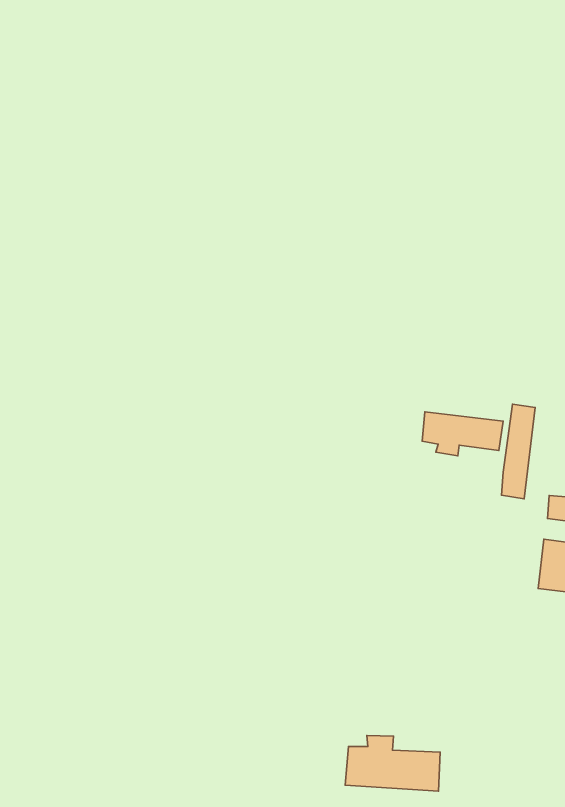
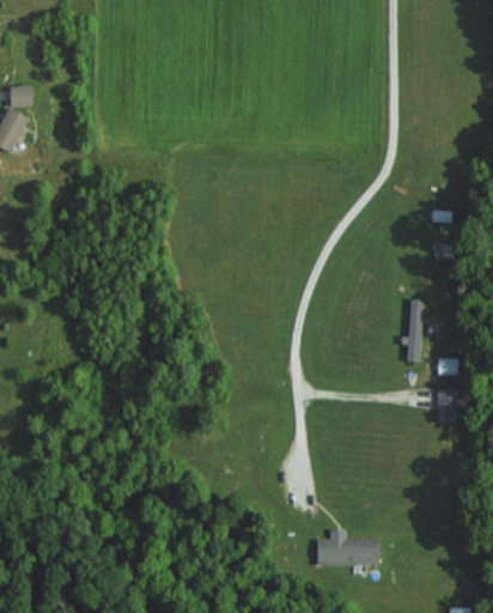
building: [422,412,503,456] -> none

